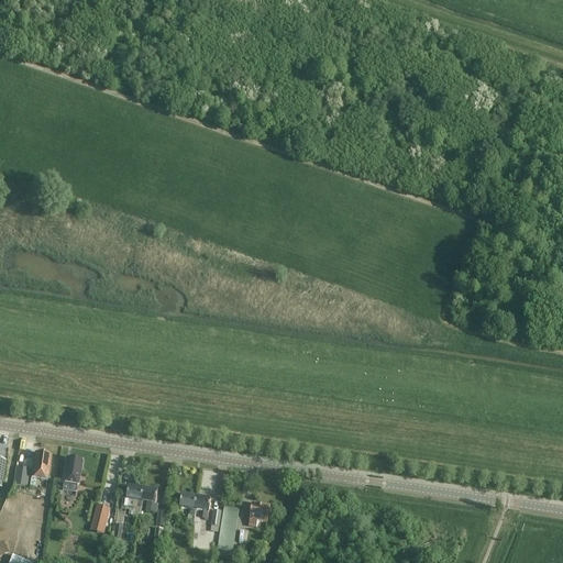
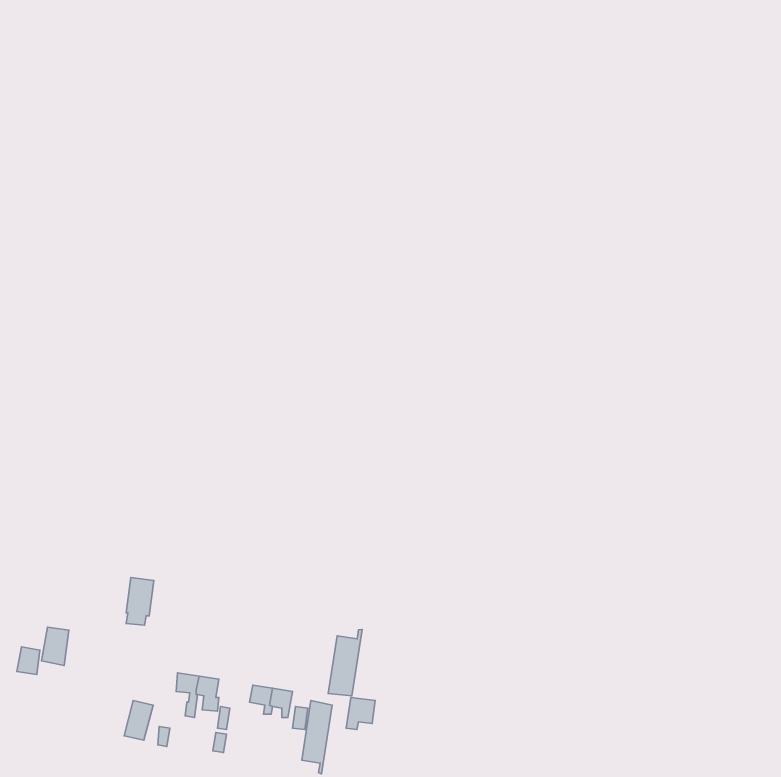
building: none -> [328,629,362,696]
building: [62,455,81,489] -> [126,578,154,625]

